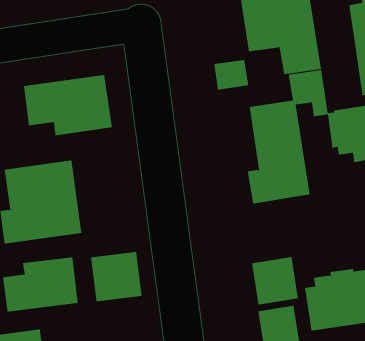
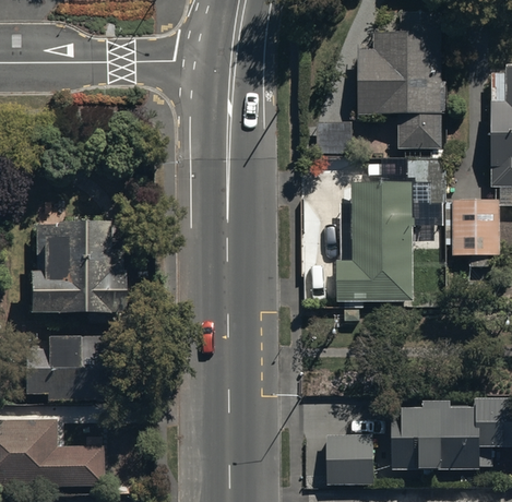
building: [23,74,112,136] -> none
building: [91,251,142,302] -> none
building: [251,256,299,305] -> none

